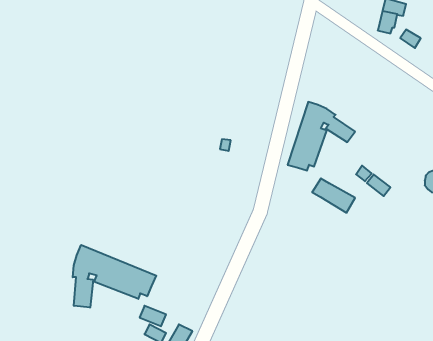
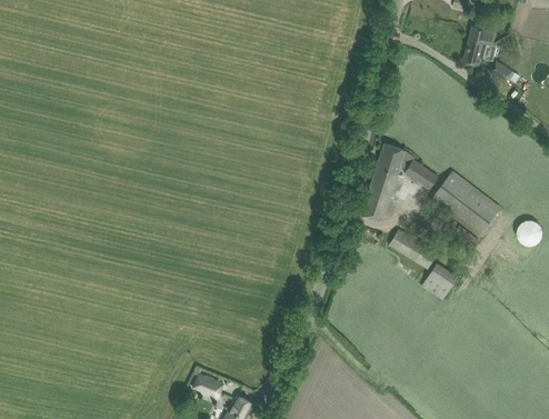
building: none -> [429,171,500,237]
building: none -> [420,263,457,300]
building: [73,245,156,308] -> none

